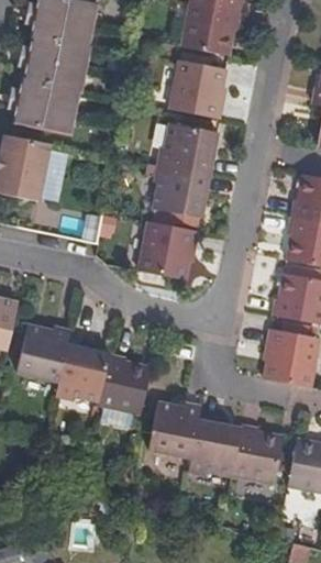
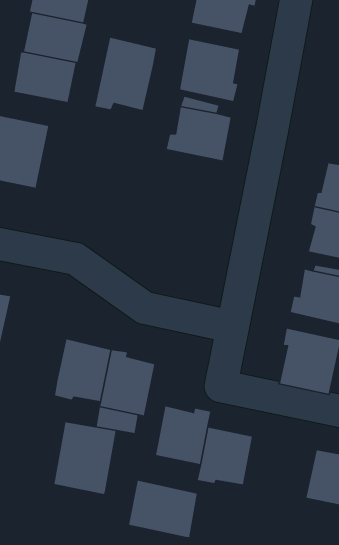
building: none -> [94,37,157,111]
building: [156,165,211,218] -> none
building: [137,220,200,279] -> none
building: [15,323,68,379] -> none
building: none -> [53,422,117,495]
building: [230,426,281,484] -> none
building: none -> [128,480,198,538]

